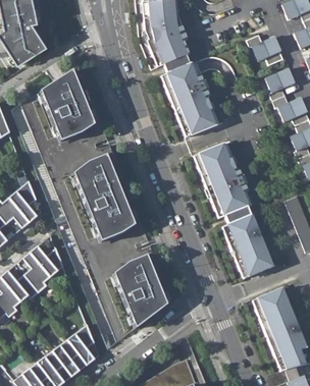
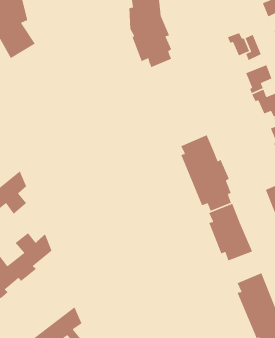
building: [160,63,217,135] -> none
building: [39,70,94,142] -> none
building: [72,154,135,241] -> none
building: [112,254,166,328] -> none

